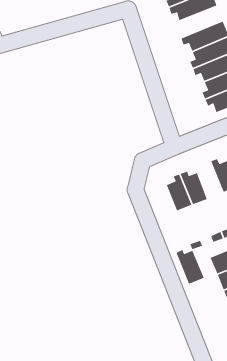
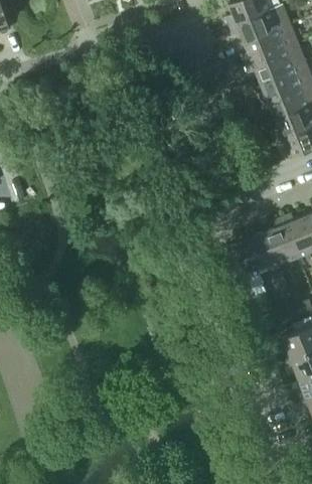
building: none -> [241,23,298,63]
building: none -> [266,216,298,265]
building: [175,249,205,285] -> none

